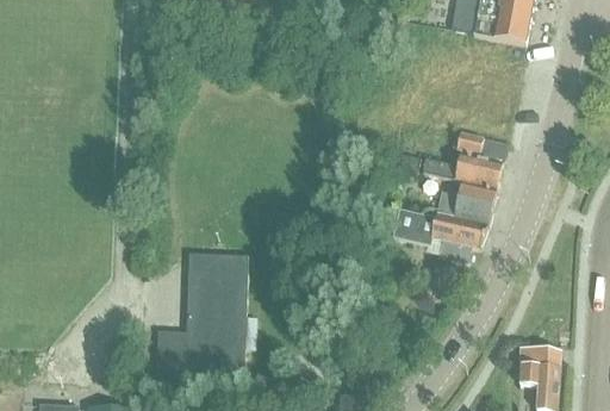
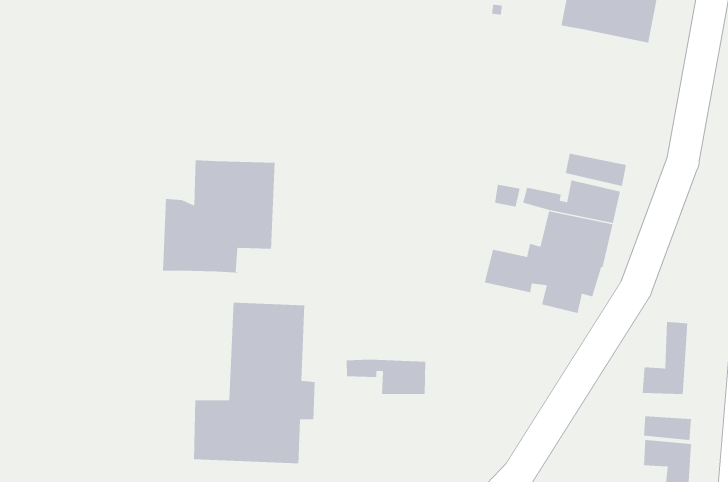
building: none -> [162,159,275,274]
building: none -> [642,321,688,395]
building: none -> [346,359,426,395]

